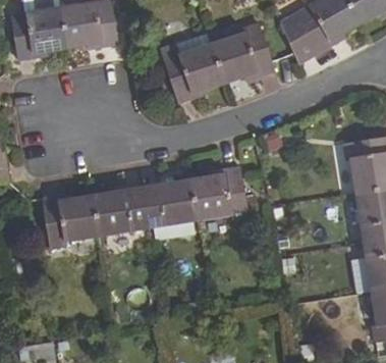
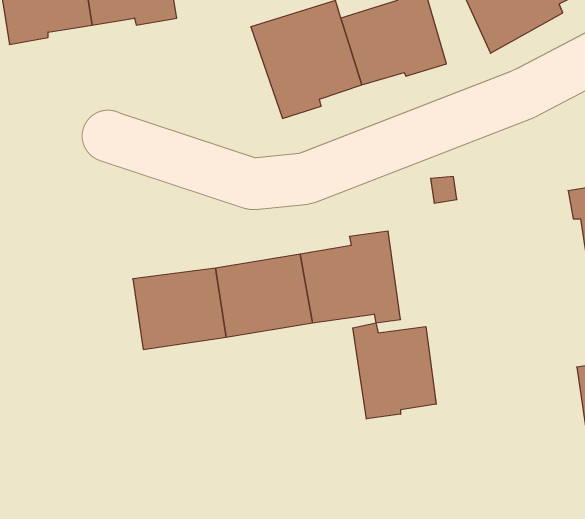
building: [42,194,98,248] -> none
building: none -> [353,323,436,419]

